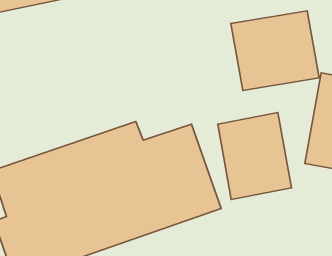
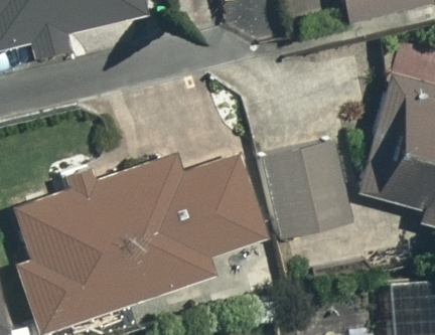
building: [231,11,319,91] -> none

